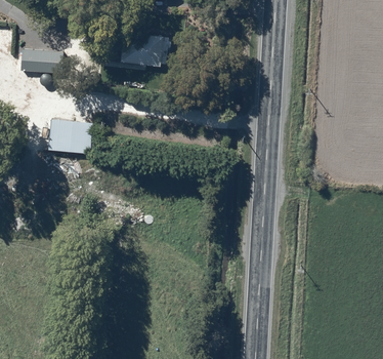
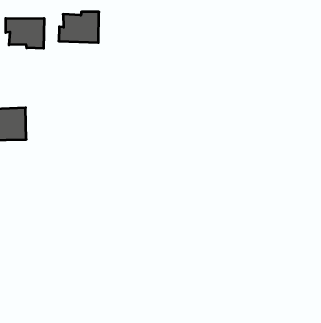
building: none -> [6,18,44,48]

